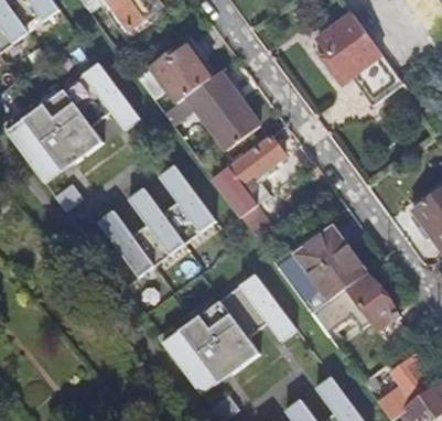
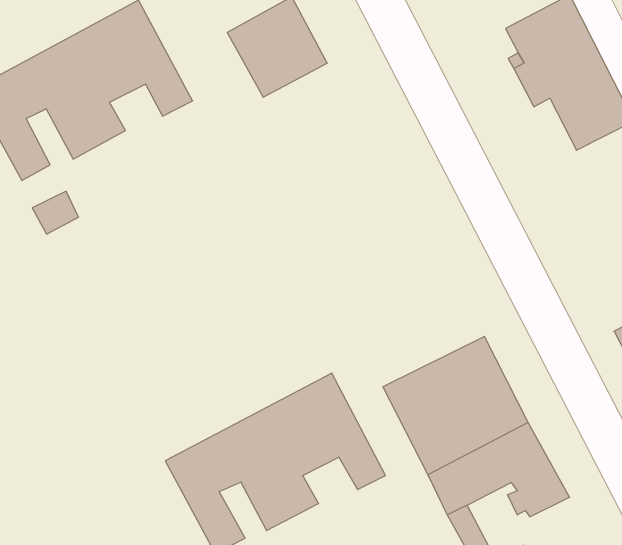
building: [164,72,261,151] -> none
building: [213,136,285,244] -> none
building: [95,160,212,283] -> none

